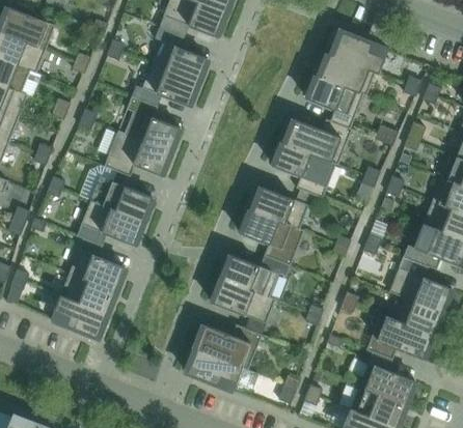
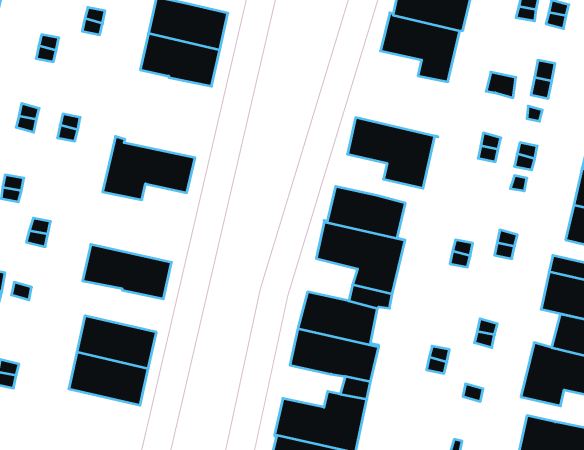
building: [122,95,180,152] -> none
building: [282,118,351,164] -> none
building: [89,176,152,221] -> none
building: [50,295,106,337] -> none

